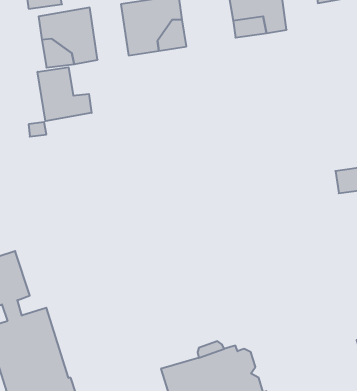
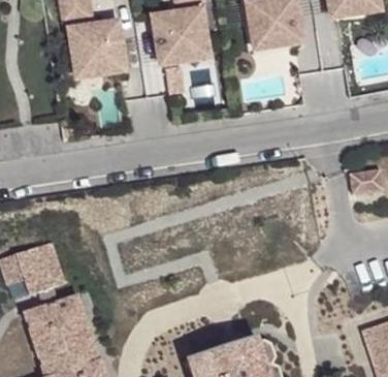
building: [38,67,92,121] -> none

